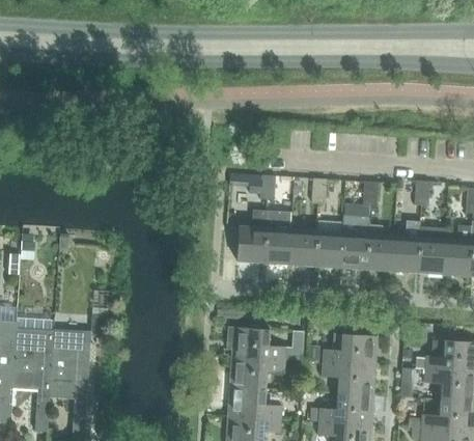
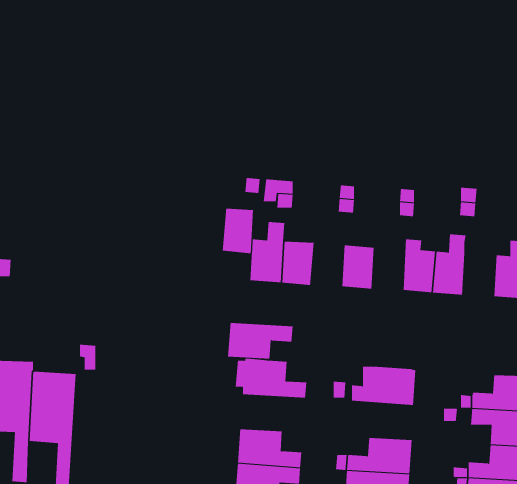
building: none -> [222,208,254,254]
building: [340,217,368,269] -> none
building: [288,228,316,266] -> none
building: [417,228,446,274] -> none
building: [228,357,284,388] -> [227,322,293,359]
building: [322,362,375,395] -> none

